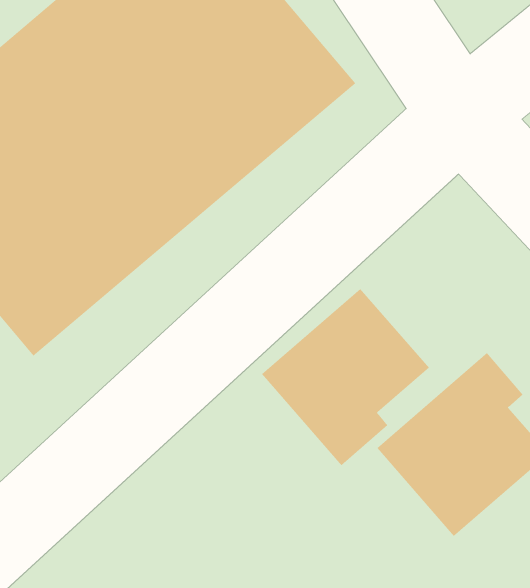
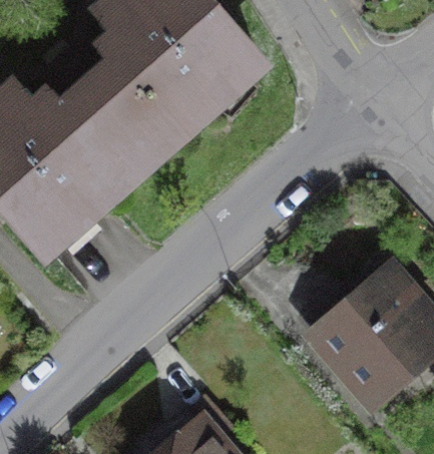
building: [261,288,430,466] -> none

